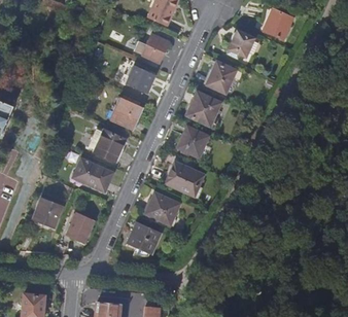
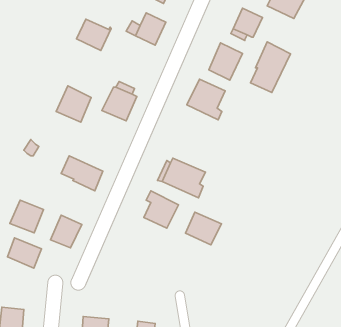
building: none -> [251,42,290,93]
building: [127,67,158,95] -> [76,19,111,51]
building: [177,126,207,155] -> none
building: [95,128,126,160] -> [56,86,91,122]
building: [129,222,161,251] -> [185,212,221,245]
building: none -> [8,238,42,268]

